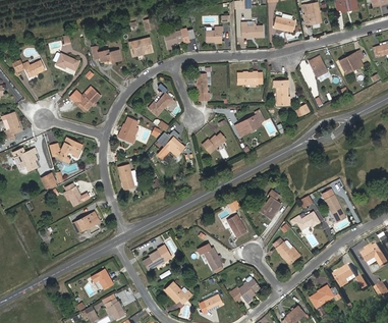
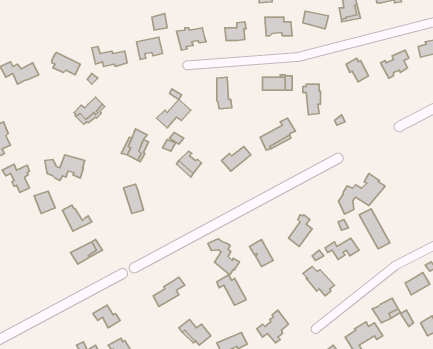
building: none -> [339,174,385,214]
building: none -> [208,239,240,275]

